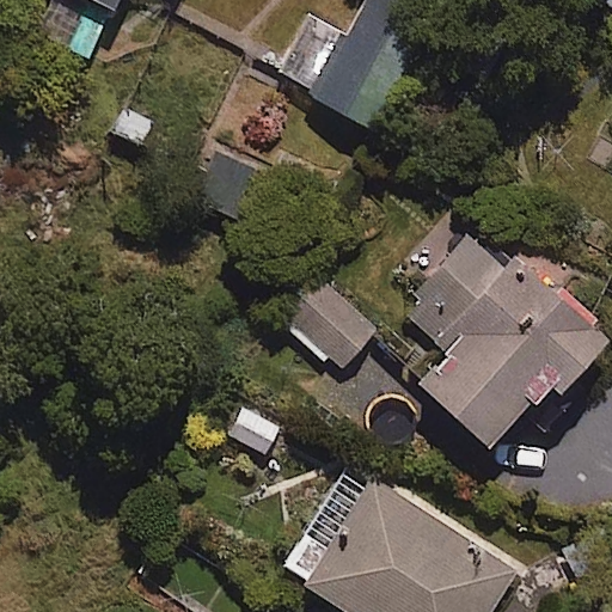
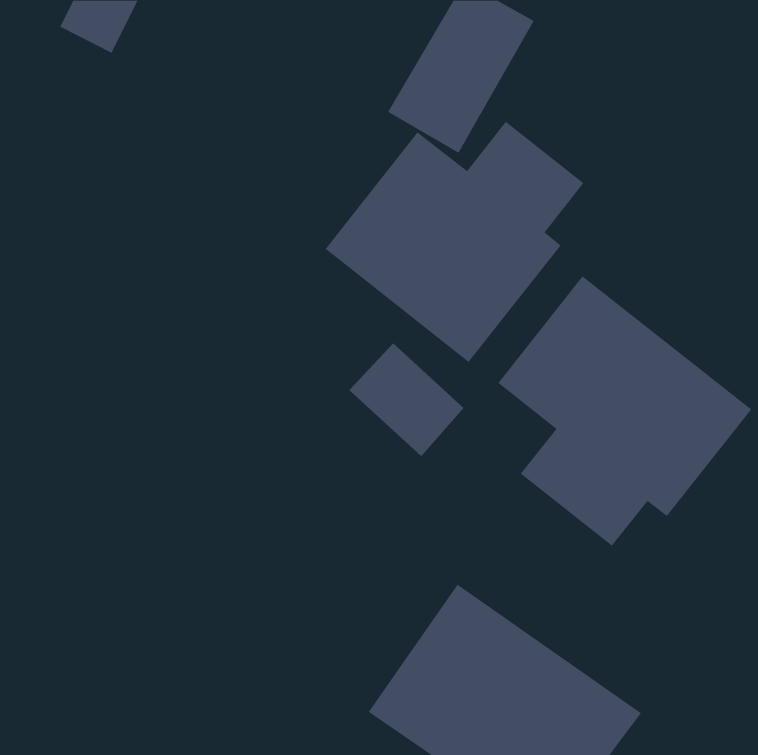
building: none -> [325,121,584,363]

